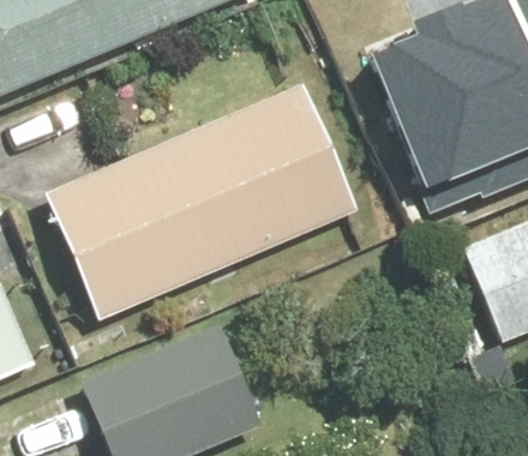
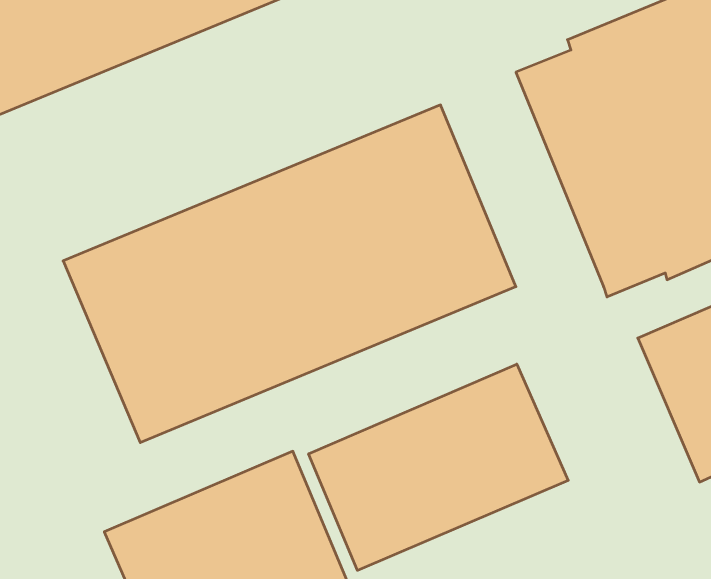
building: none -> [309,364,568,570]

